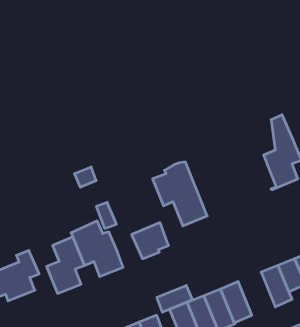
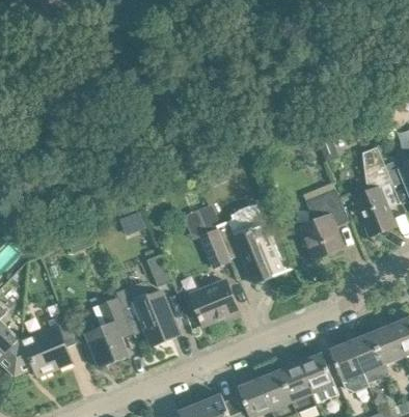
building: none -> [301,189,350,258]
building: none -> [191,205,229,267]
building: none -> [330,340,370,391]
building: [157,285,193,312] -> none

